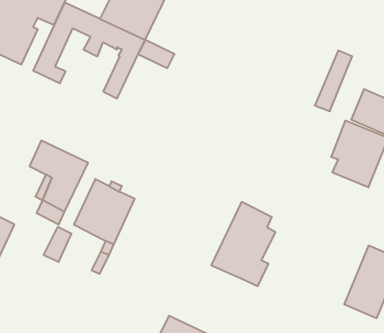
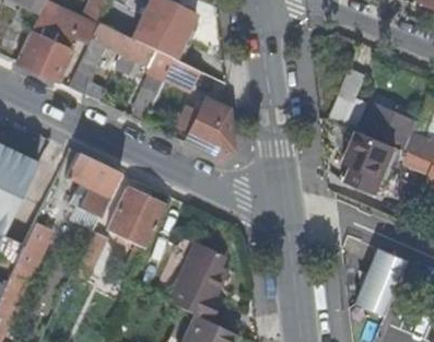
building: none -> [185,97,235,160]
building: [211,202,276,286] -> [166,244,226,322]

